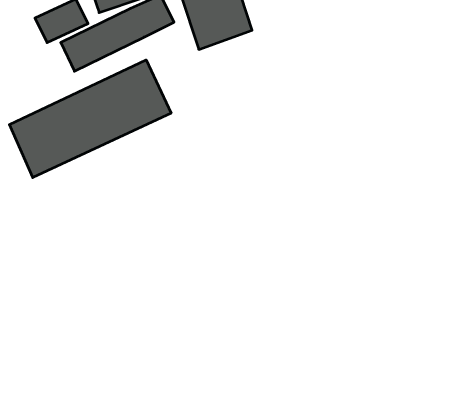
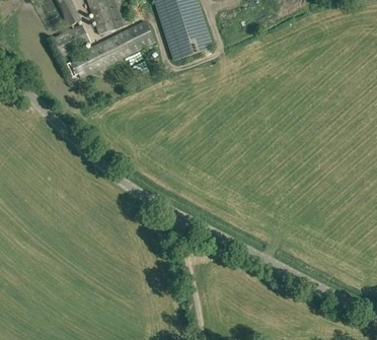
building: [9,60,171,178] -> none

